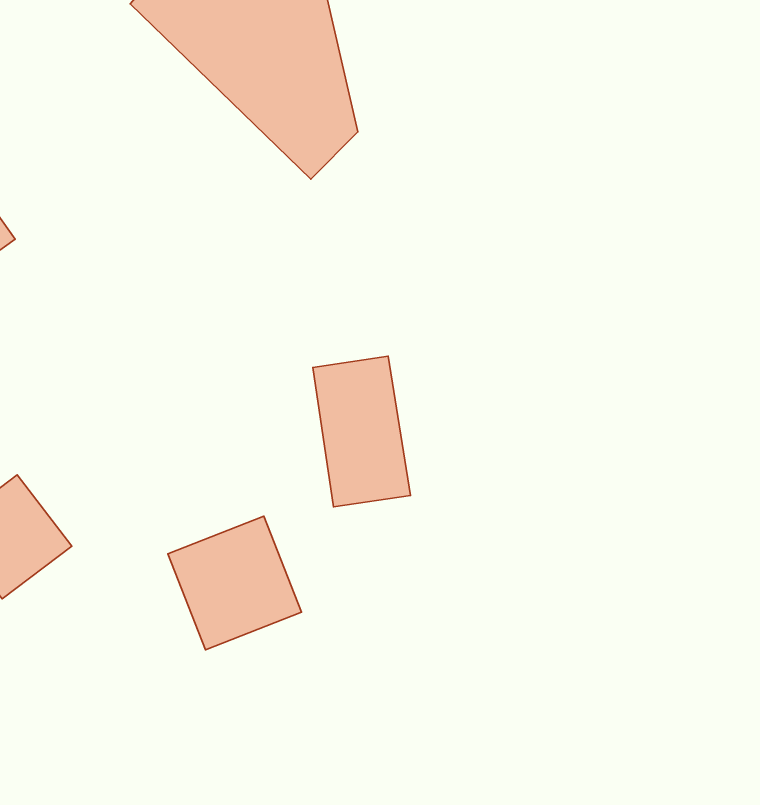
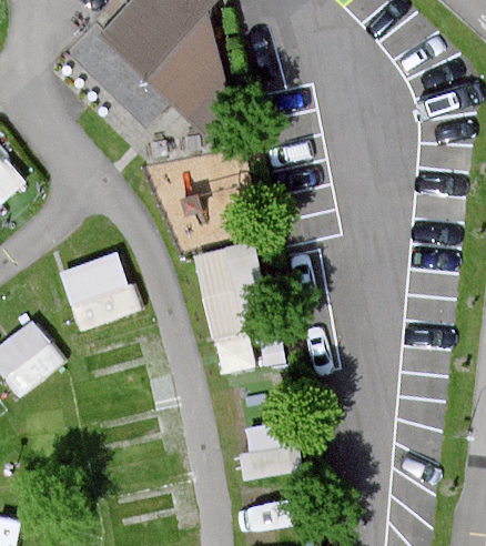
building: [168,516,302,650] -> [59,247,138,326]

